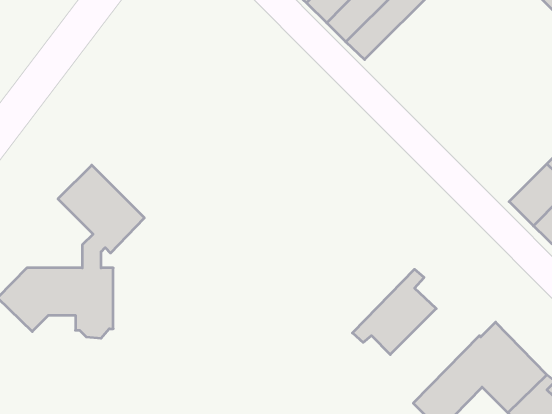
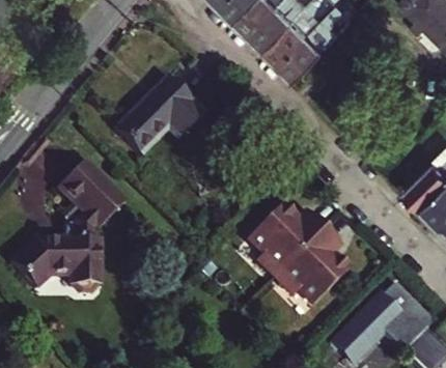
building: none -> [117,80,203,157]
building: none -> [248,204,332,288]

